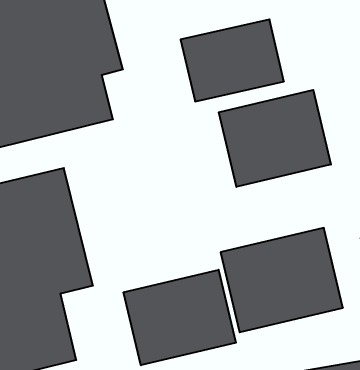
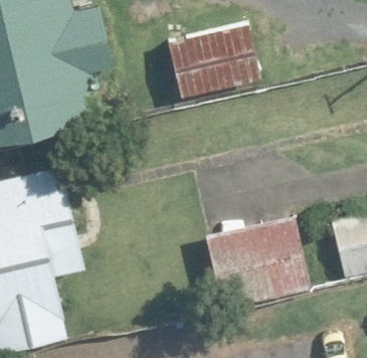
building: [219,90,331,187] -> none
building: [124,270,236,365] -> none

